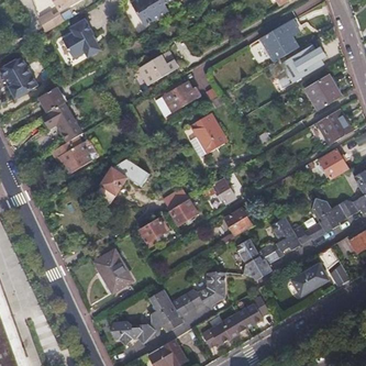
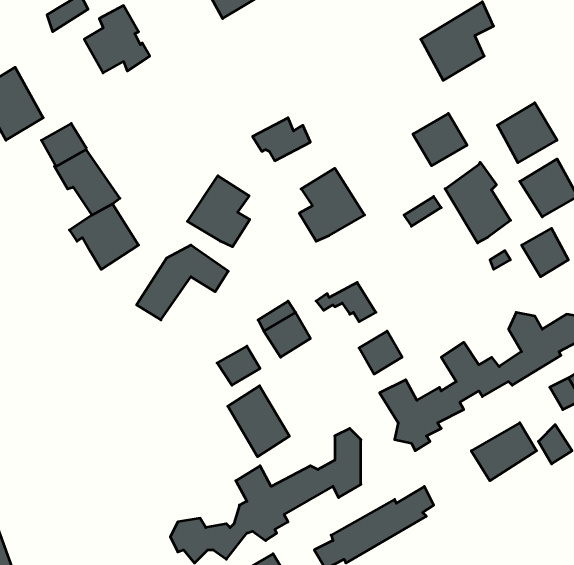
building: [289,47,321,78] -> [413,113,467,166]
building: [137,52,176,85] -> none
building: none -> [445,162,511,243]
building: none -> [187,176,250,247]
building: [93,251,130,292] -> [228,386,289,457]

